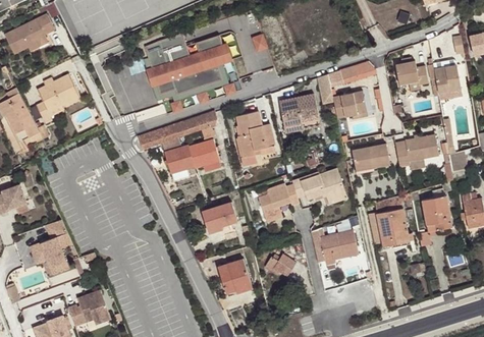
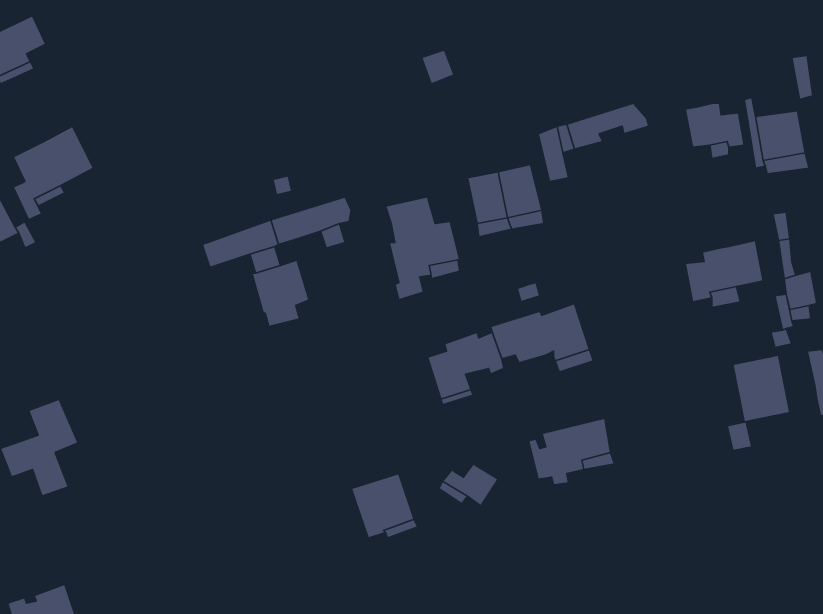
building: [143,33,232,101] -> none
building: [332,91,367,118] -> none
building: [189,138,218,168] -> none
building: [352,144,389,171] -> none
building: [368,195,413,245] -> none
building: [202,202,236,230] -> none
building: [68,290,110,326] -> none

